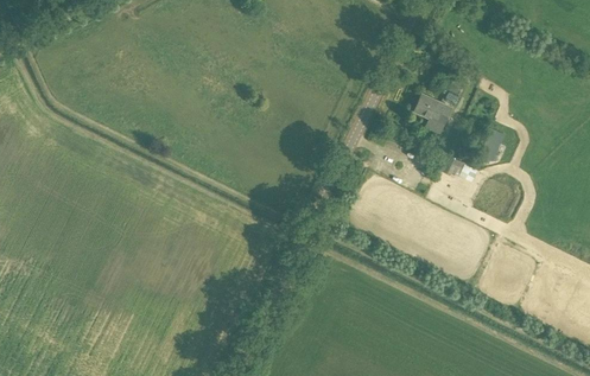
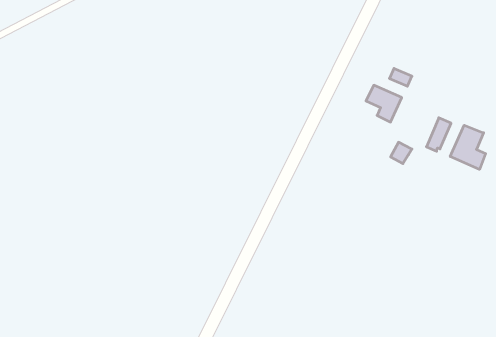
building: none -> [450,125,486,169]

